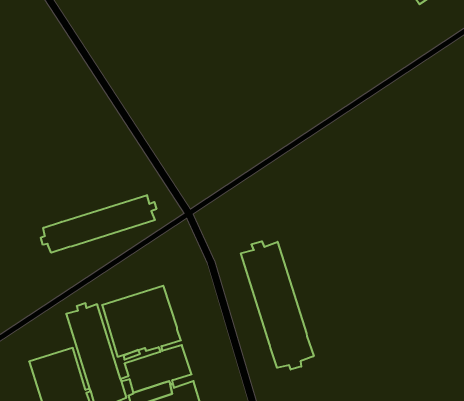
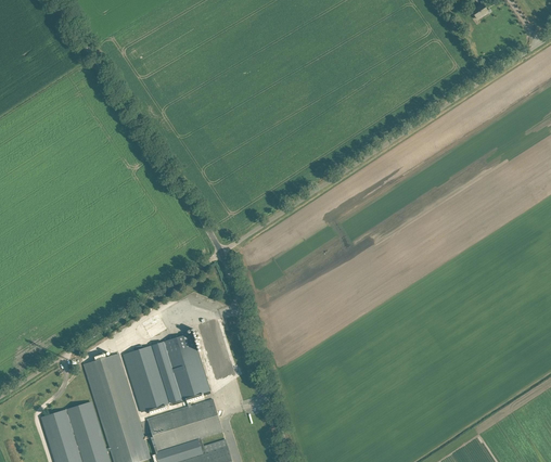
building: [41,195,156,253] -> none
building: [241,241,314,370] -> none

